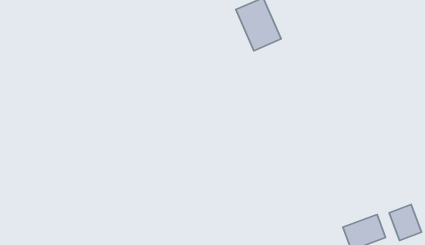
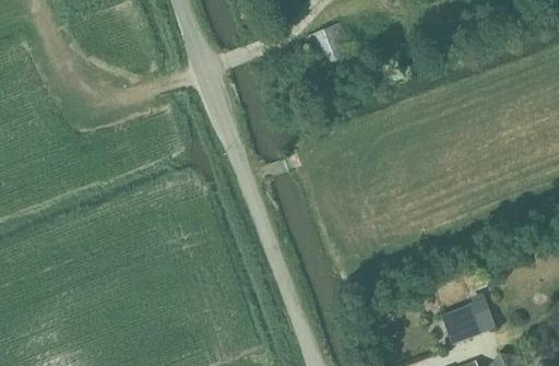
building: [389,204,422,241] -> none

